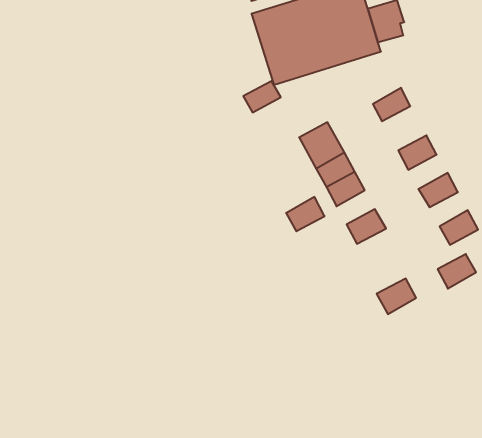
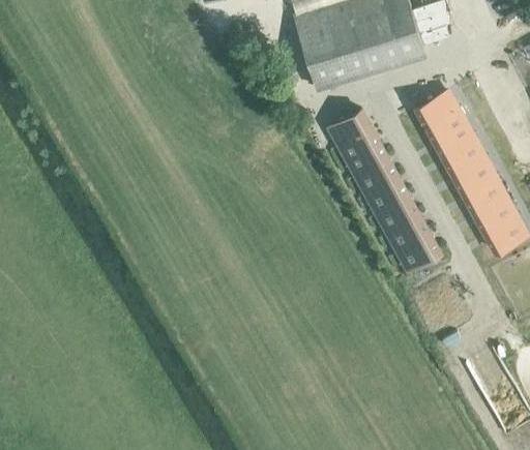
building: [243,81,281,112] -> [332,110,371,142]
building: none -> [426,110,472,155]
building: none -> [453,159,494,194]
building: [286,197,325,231] -> [380,196,419,231]
building: [438,254,476,289] -> [475,198,514,233]
building: [377,279,416,314] -> [401,235,441,271]

